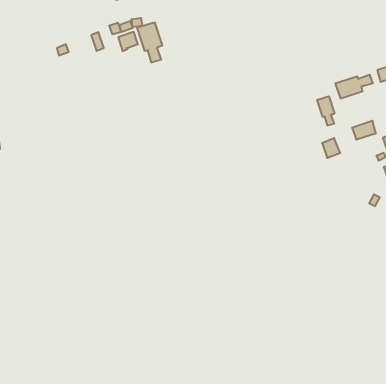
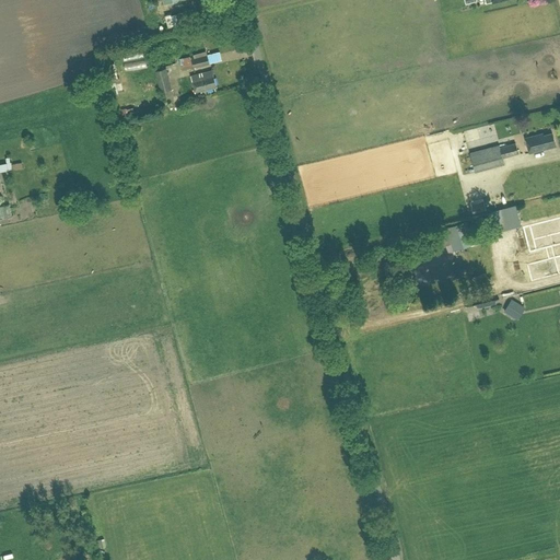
building: [137,22,162,63] -> none
building: [317,96,334,126] -> none

